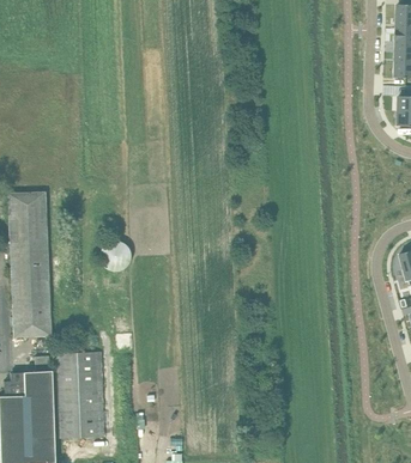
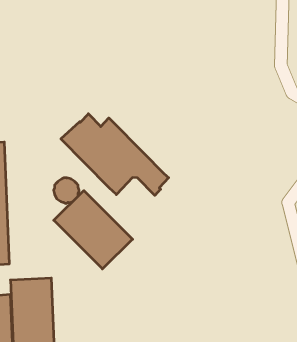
building: none -> [61,114,169,195]
building: none -> [54,191,133,269]

